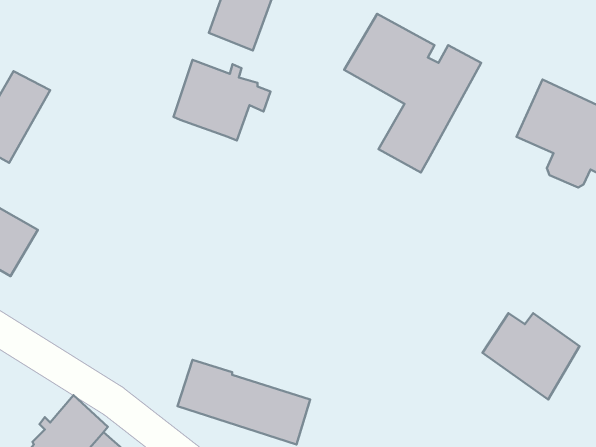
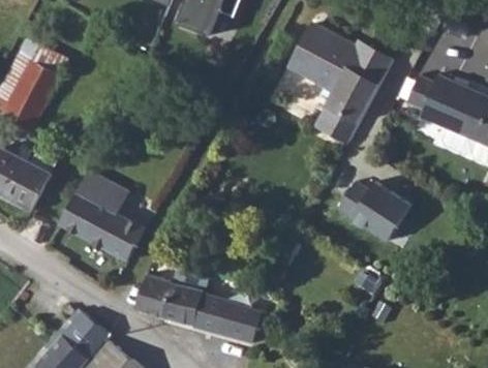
building: [173,60,270,141] -> none
building: none -> [55,170,141,254]
building: [482,313,580,399] -> [341,181,415,246]
building: none -> [132,268,170,313]

